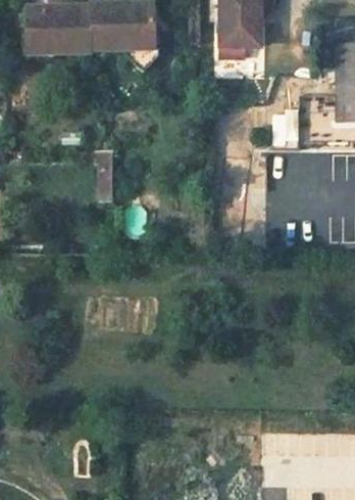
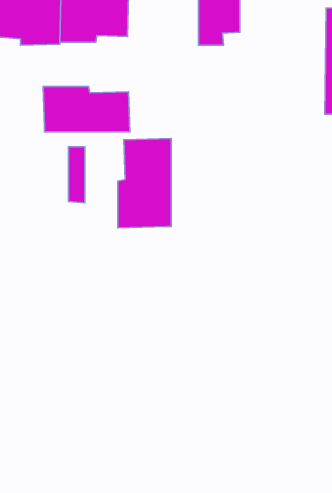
building: none -> [43,87,130,132]
building: none -> [118,139,171,228]

